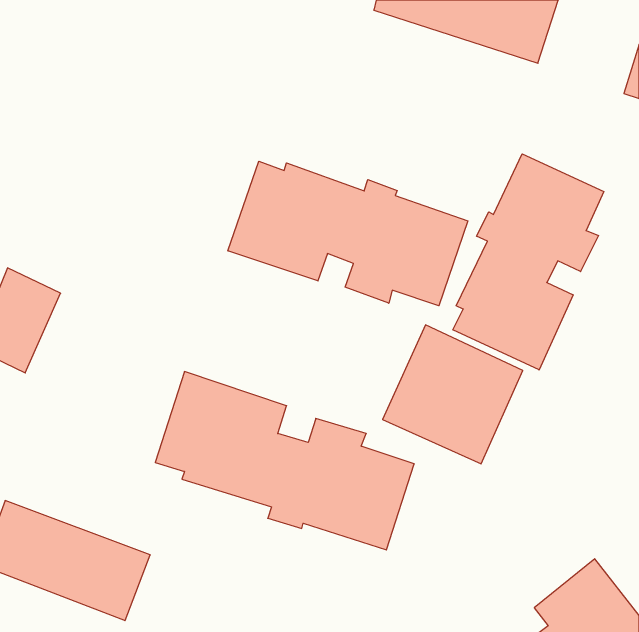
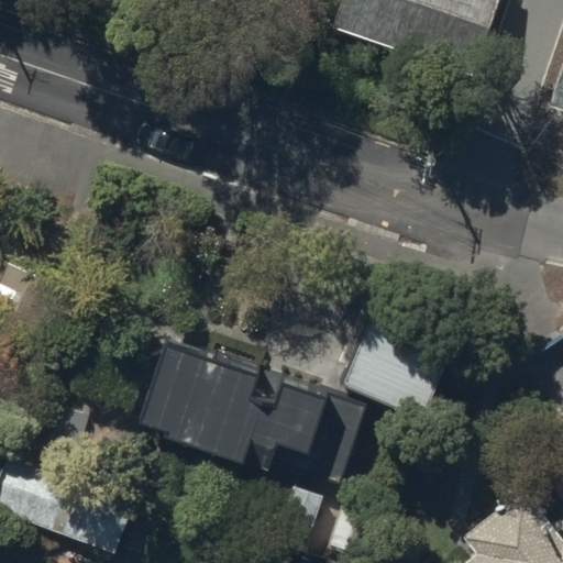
building: [453,154,604,370] -> none
building: [228,161,468,306] -> none

